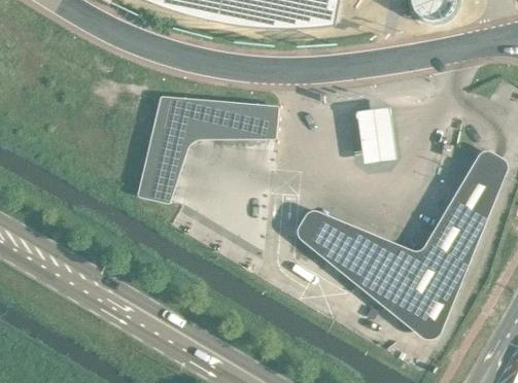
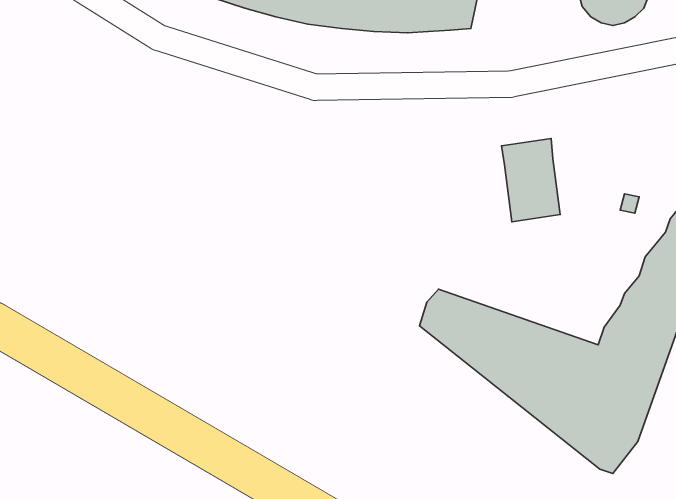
building: [146,98,277,200] -> none

